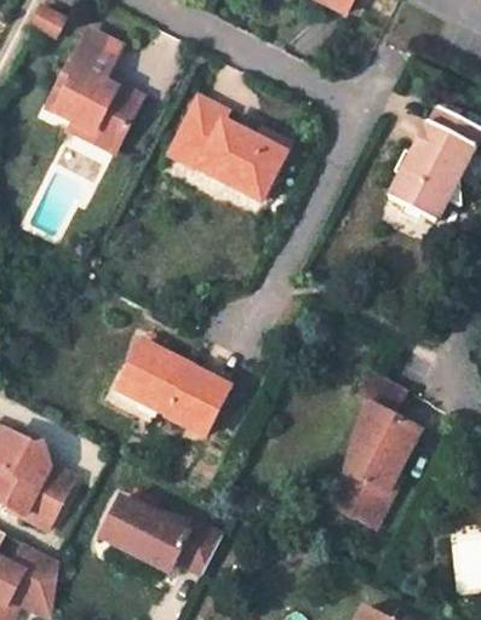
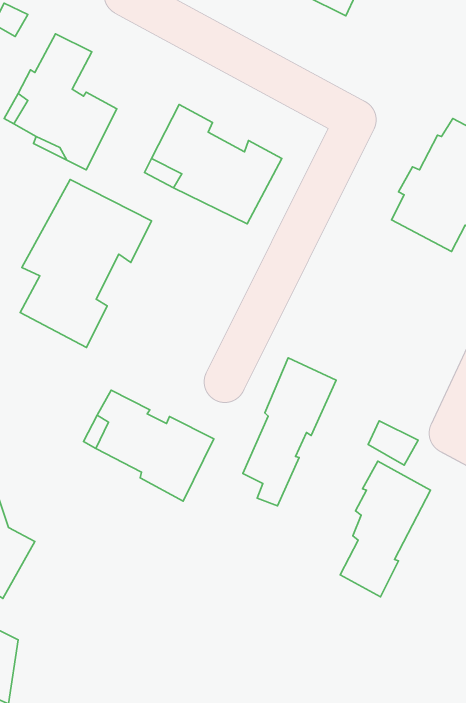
building: none -> [20,180,152,348]
building: none -> [243,358,336,506]
building: [99,496,225,575] -> none

